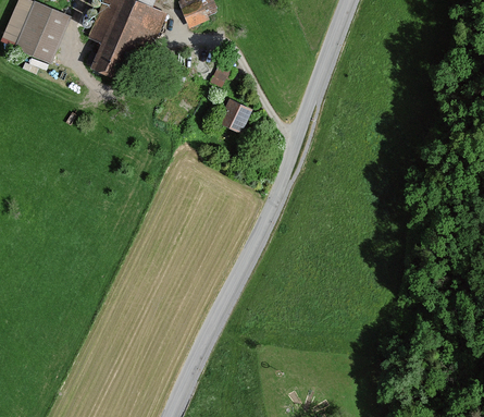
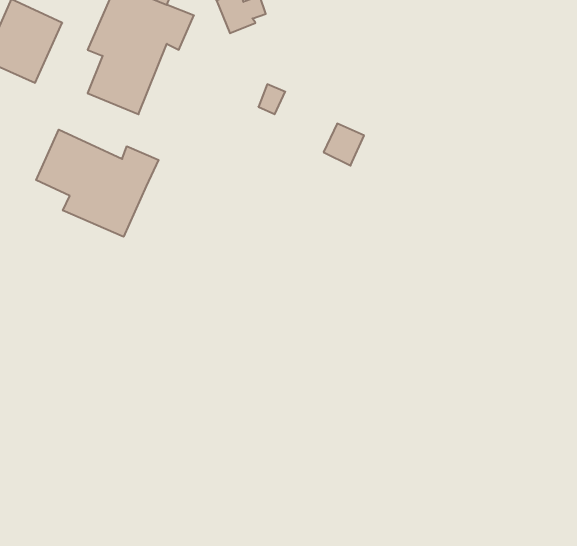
building: none -> [36,130,159,237]
building: [222,100,251,131] -> [324,124,364,166]

